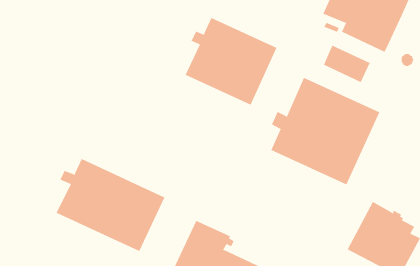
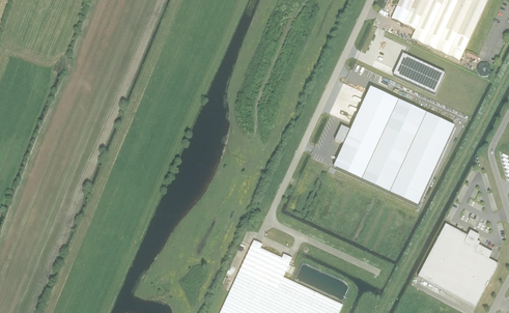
building: [185,17,277,105] -> none
building: [56,158,165,252] -> none

